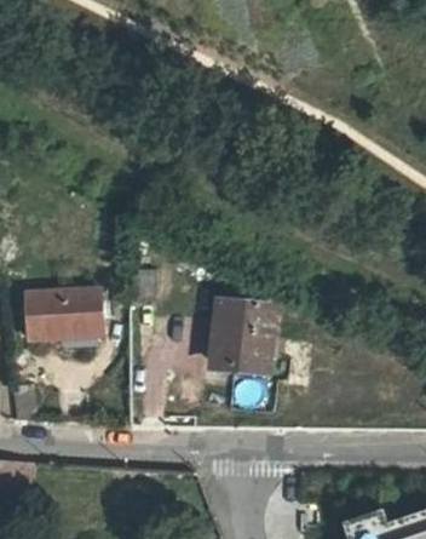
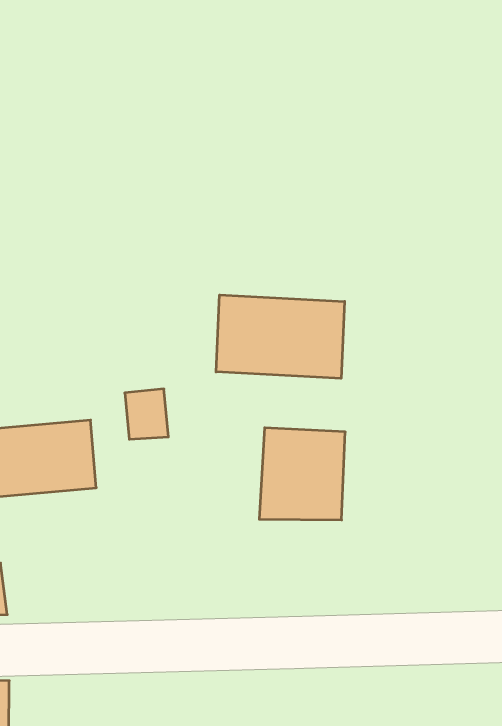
building: none -> [216,295,345,378]

